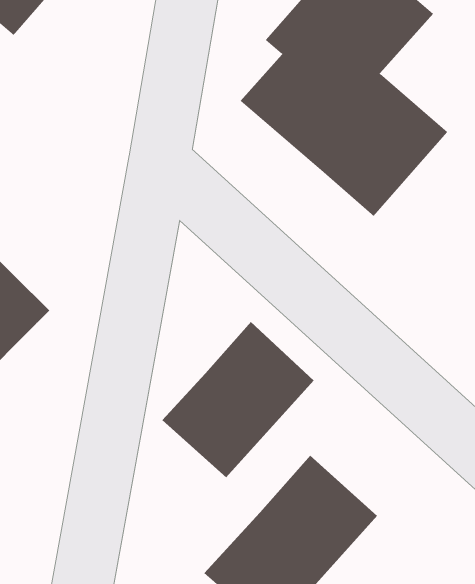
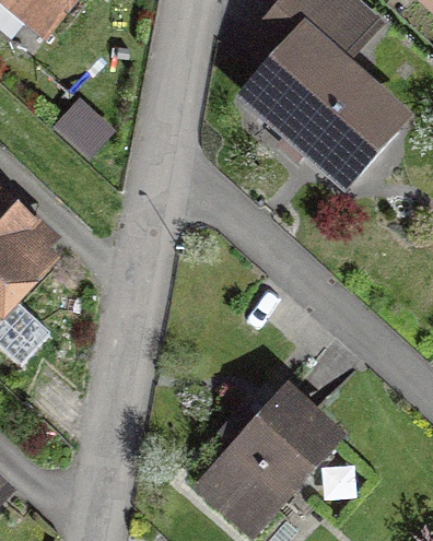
building: [161,321,314,478] -> none

